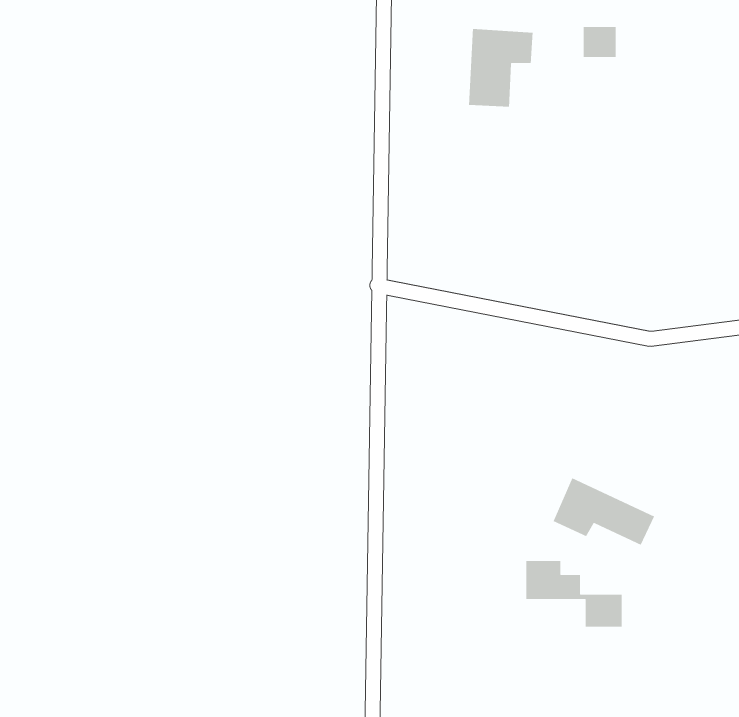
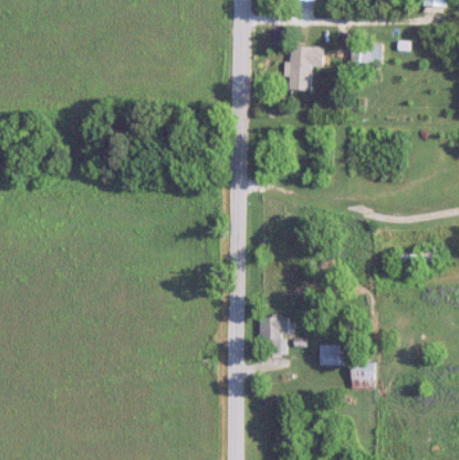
building: [552,477,655,546] -> none
building: none -> [259,315,288,354]

